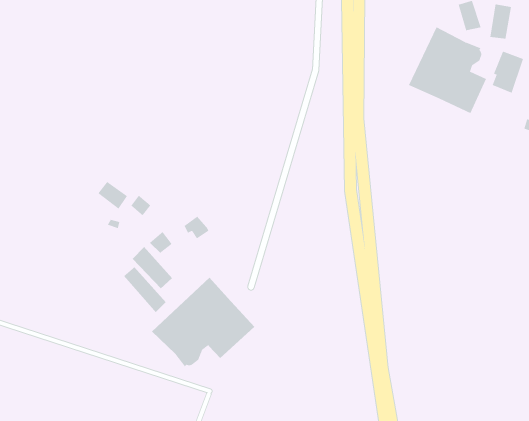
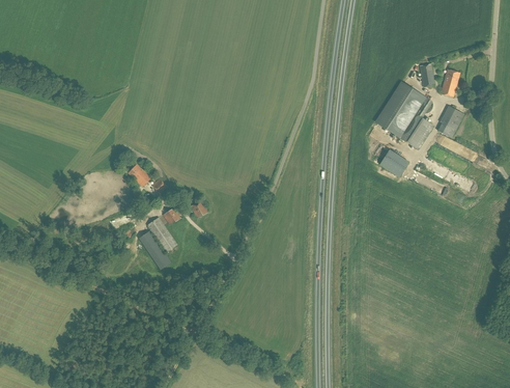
building: none -> [378,148,407,175]
building: [151,277,255,367] -> none

